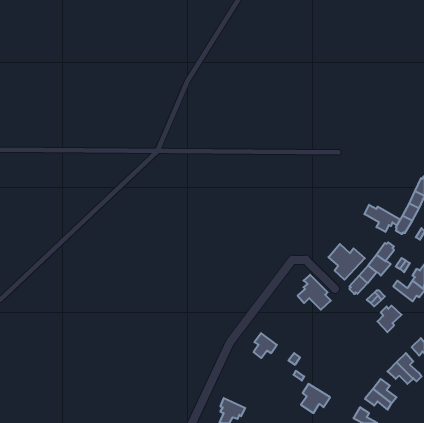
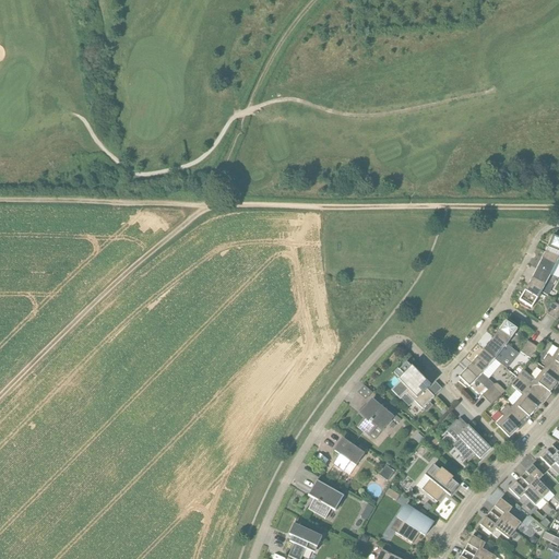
building: [364,205,400,232] -> none
building: [328,244,365,280] -> none
building: none -> [511,376,543,415]
building: none -> [359,397,394,433]
building: none -> [448,418,492,459]
building: none -> [423,462,460,500]
building: none -> [309,478,345,518]

